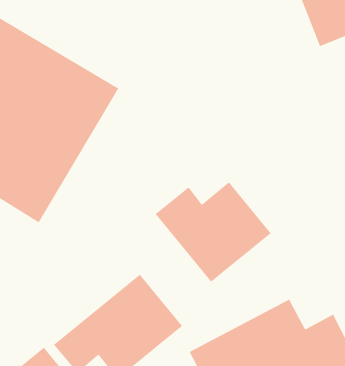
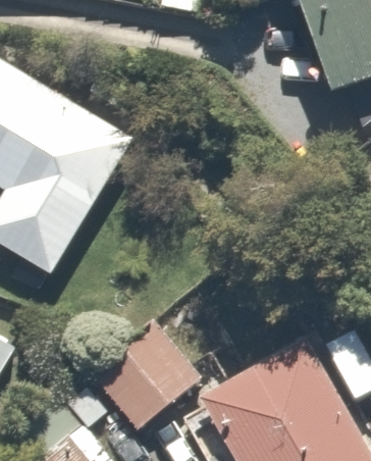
building: [155,181,271,282] -> none

